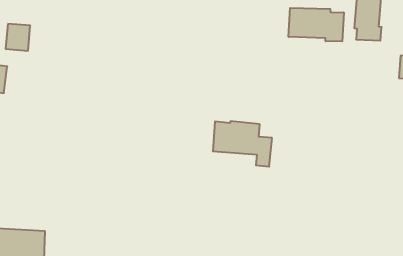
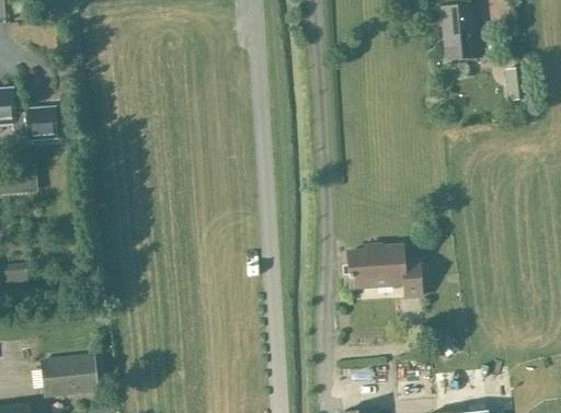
building: [289,8,344,41] -> none
building: [213,121,272,167] -> [346,246,421,297]

